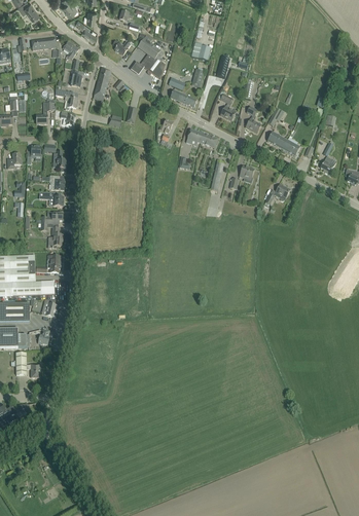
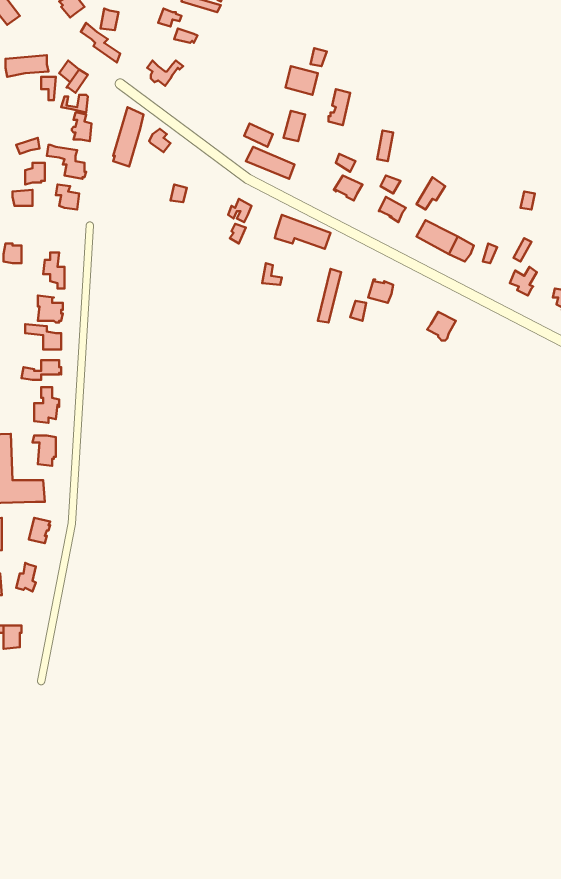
building: [137,36,165,79] -> none

